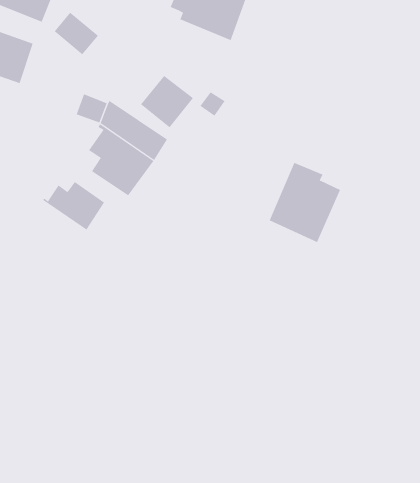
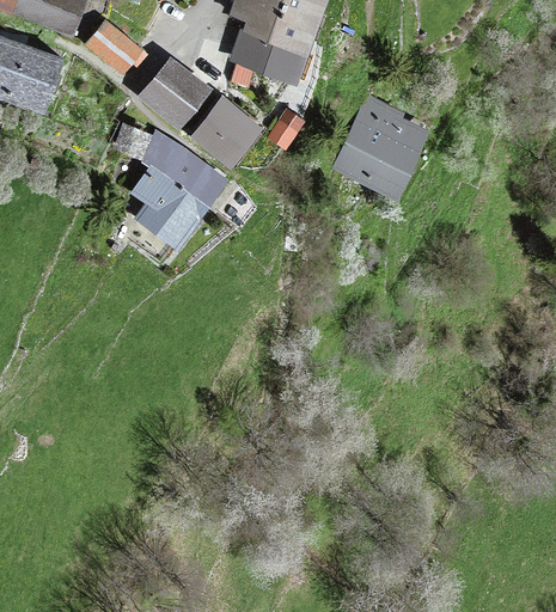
building: none -> [231,30,307,86]
building: none -> [139,56,213,130]
building: [269,162,341,243] -> [336,97,426,197]
building: [42,181,105,231] -> none

